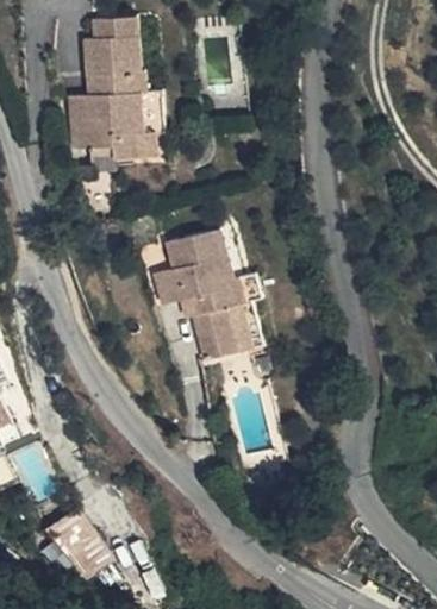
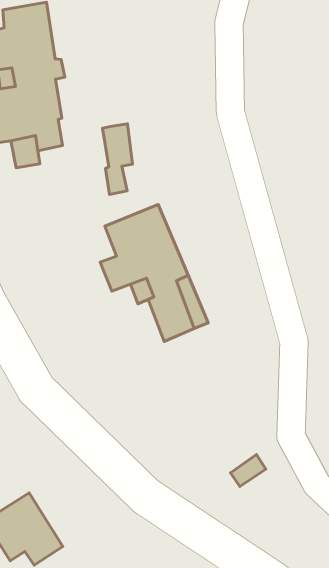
building: [129,95,156,164] -> [103,124,133,194]

